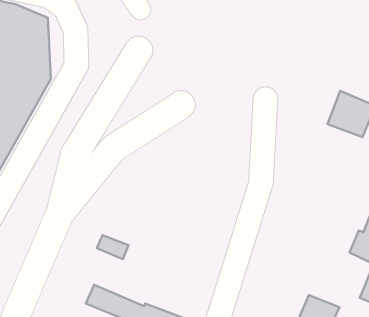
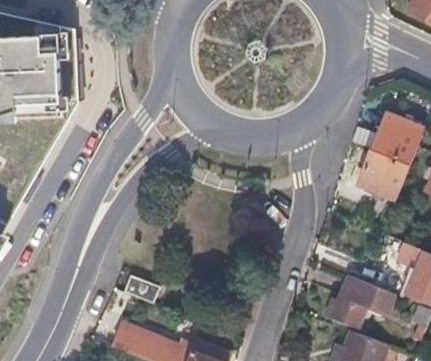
building: none -> [359,149,411,198]
building: none -> [324,275,395,329]

